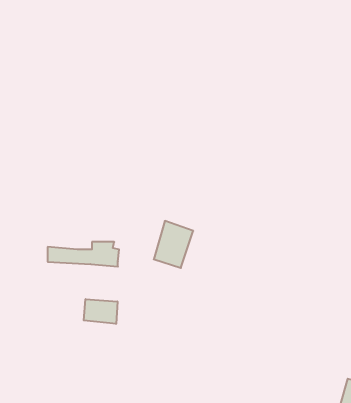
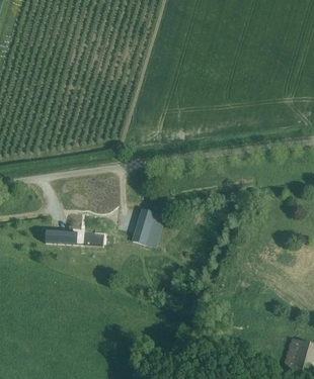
building: [84,299,117,324] -> none

